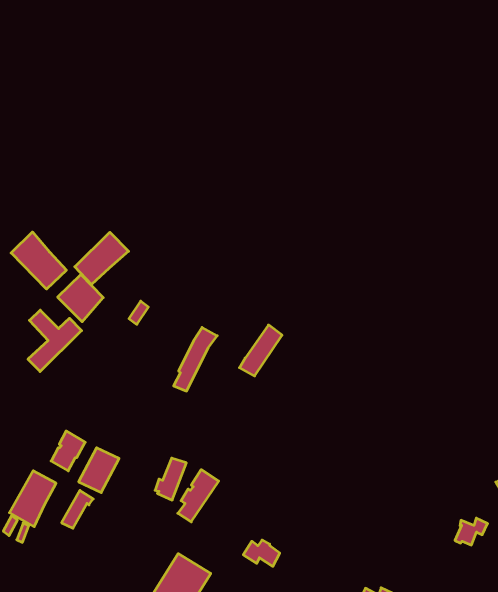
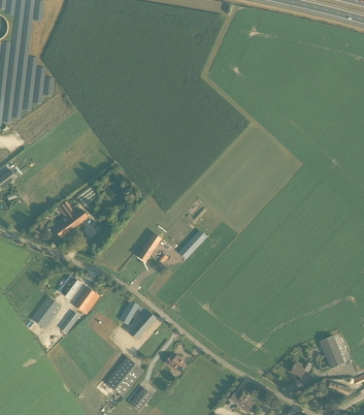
building: [11,232,66,289] -> none
building: [75,232,129,284] -> none

